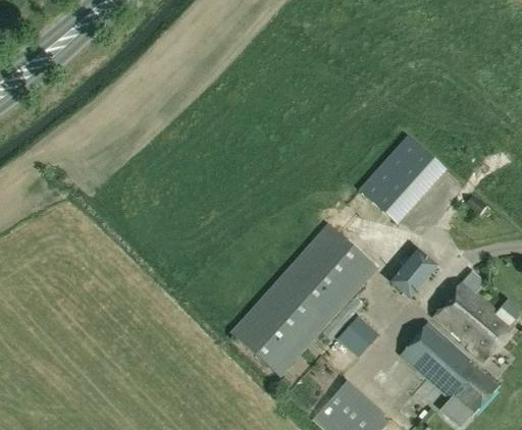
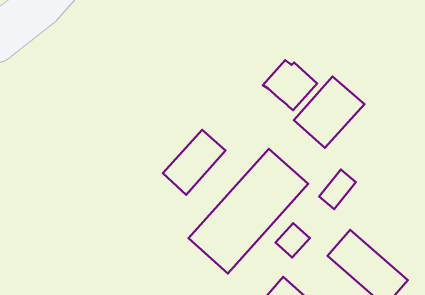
building: none -> [263,60,317,110]
building: none -> [163,130,225,195]
building: [432,273,514,362] -> none

